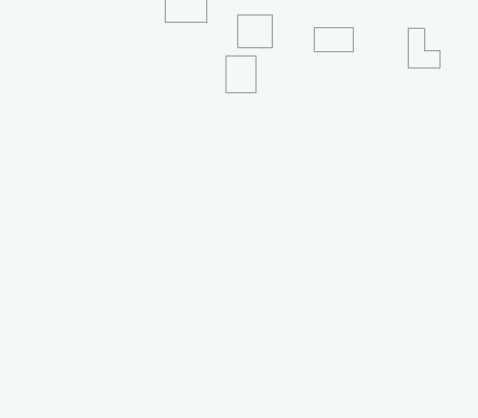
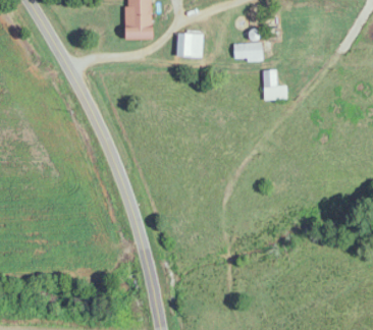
building: [408,29,440,68] -> [264,70,287,99]
building: [226,56,256,93] -> none

